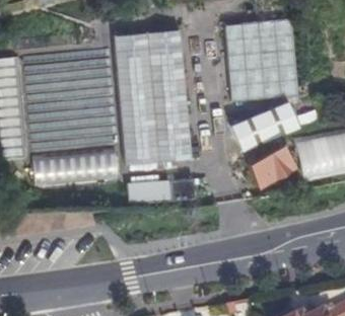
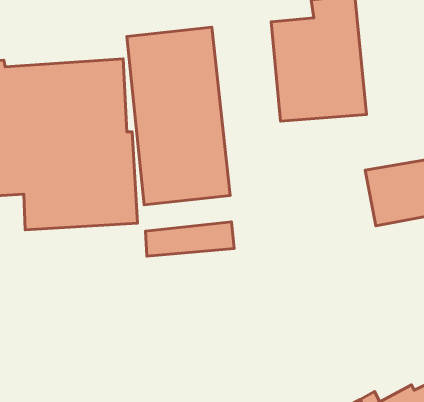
building: [231,100,297,149] -> none
building: [248,143,292,184] -> none

